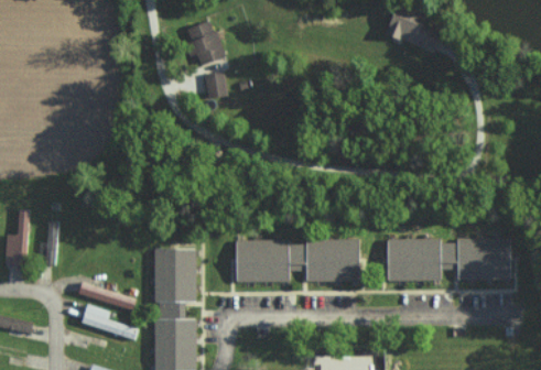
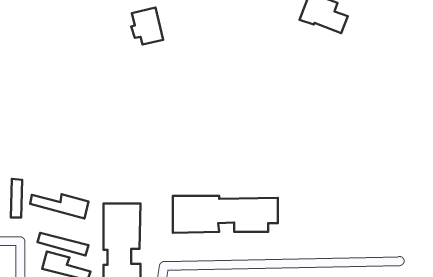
building: [206,73,226,98] -> none
building: [385,238,509,281] -> none
building: none -> [30,194,89,219]

